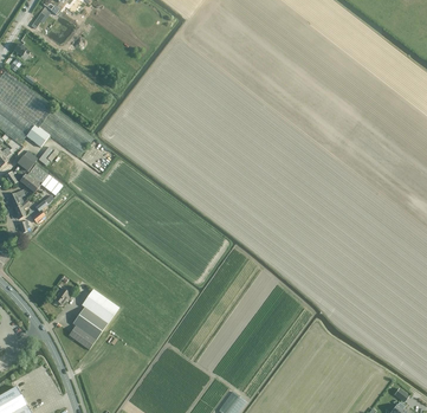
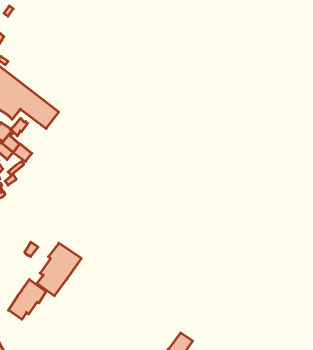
building: none -> [8,279,46,319]

